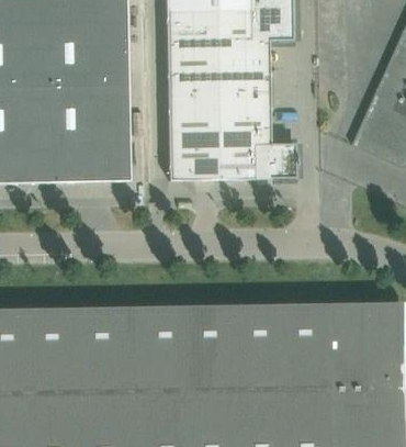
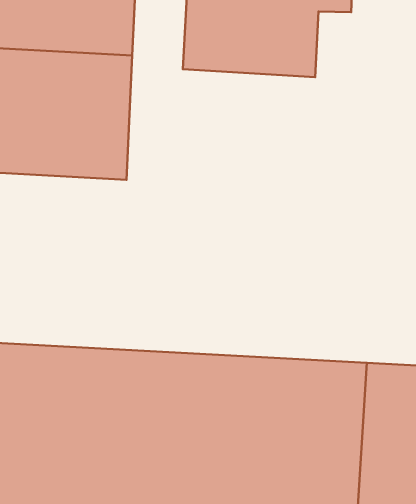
building: [168,91,296,179] -> none

